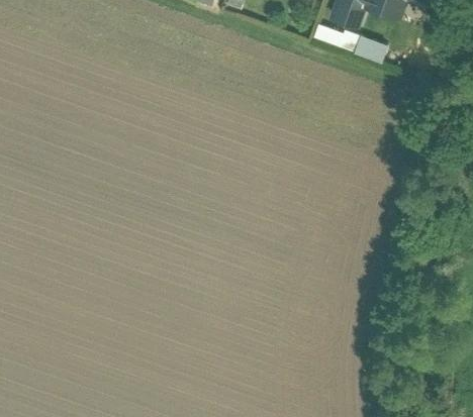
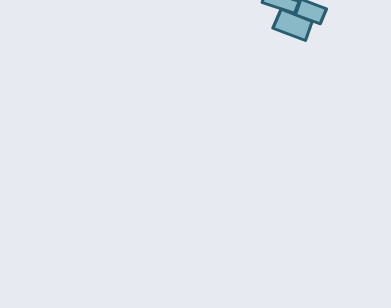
building: none -> [273,9,312,41]

